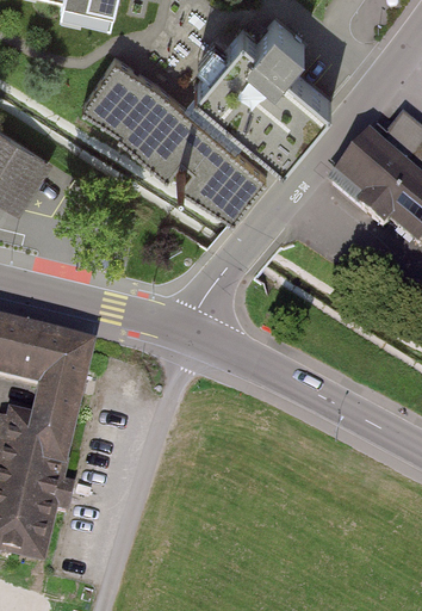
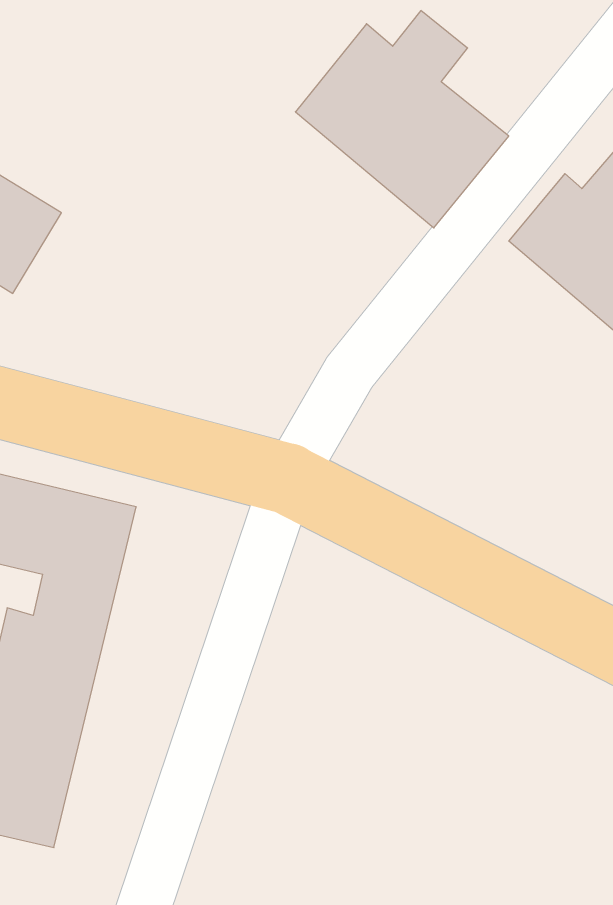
building: [81,56,263,212] -> none

